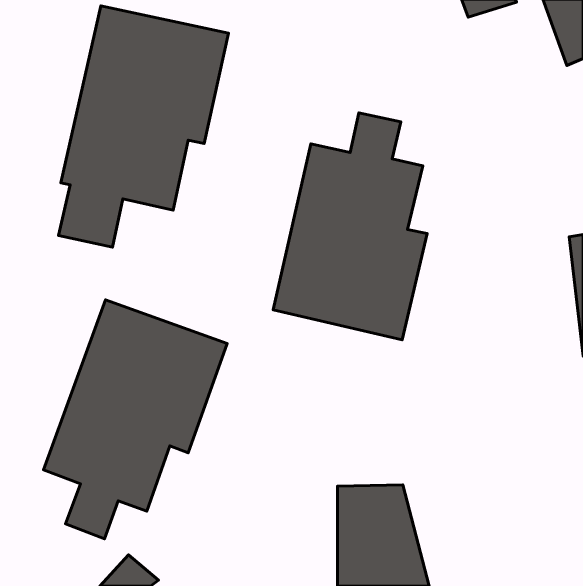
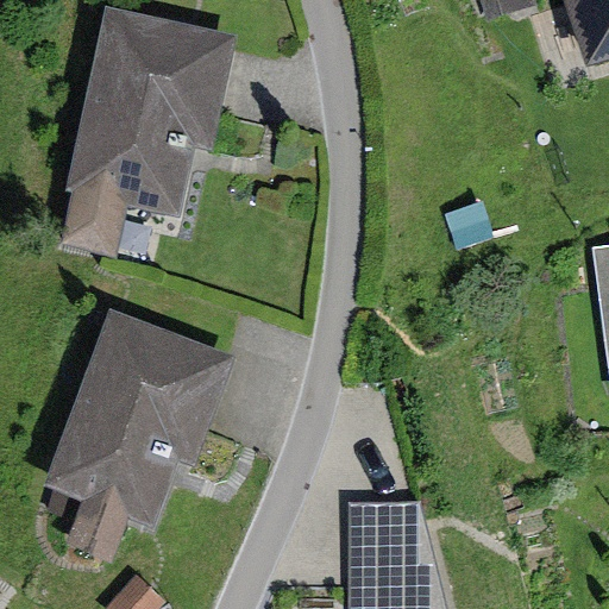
building: [273,113,427,340] -> none

